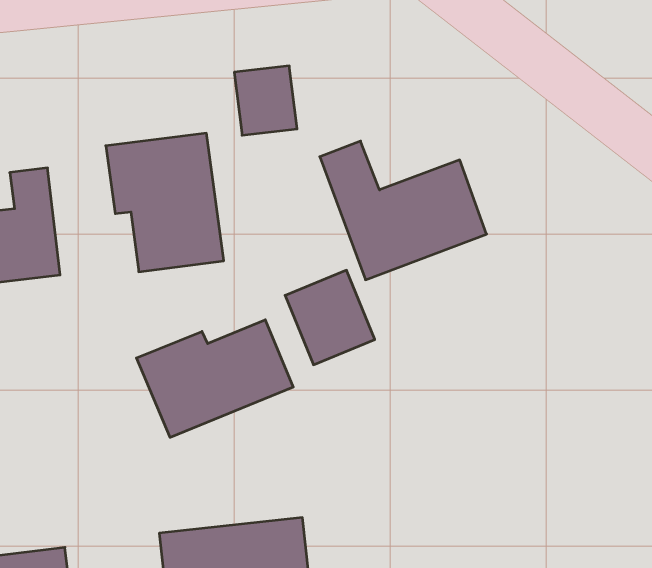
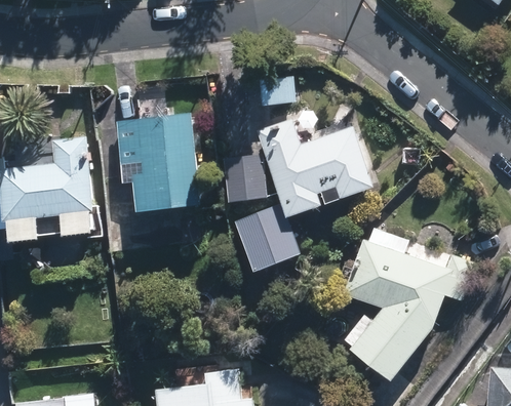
building: [234,66,297,135] -> [224,158,265,203]
building: none -> [350,242,461,377]
building: [136,320,293,437] -> none

